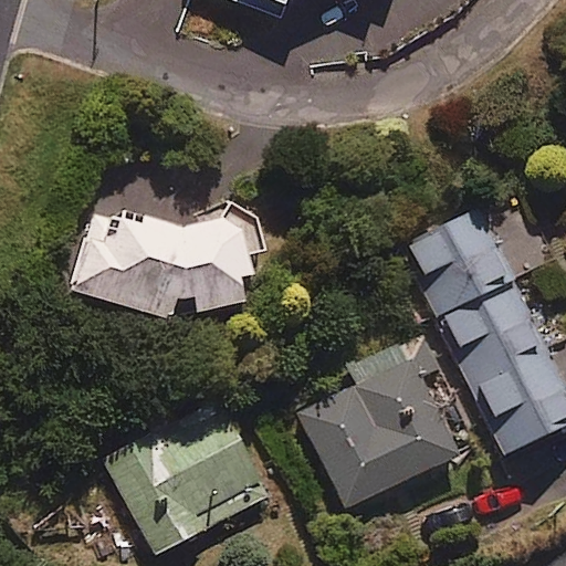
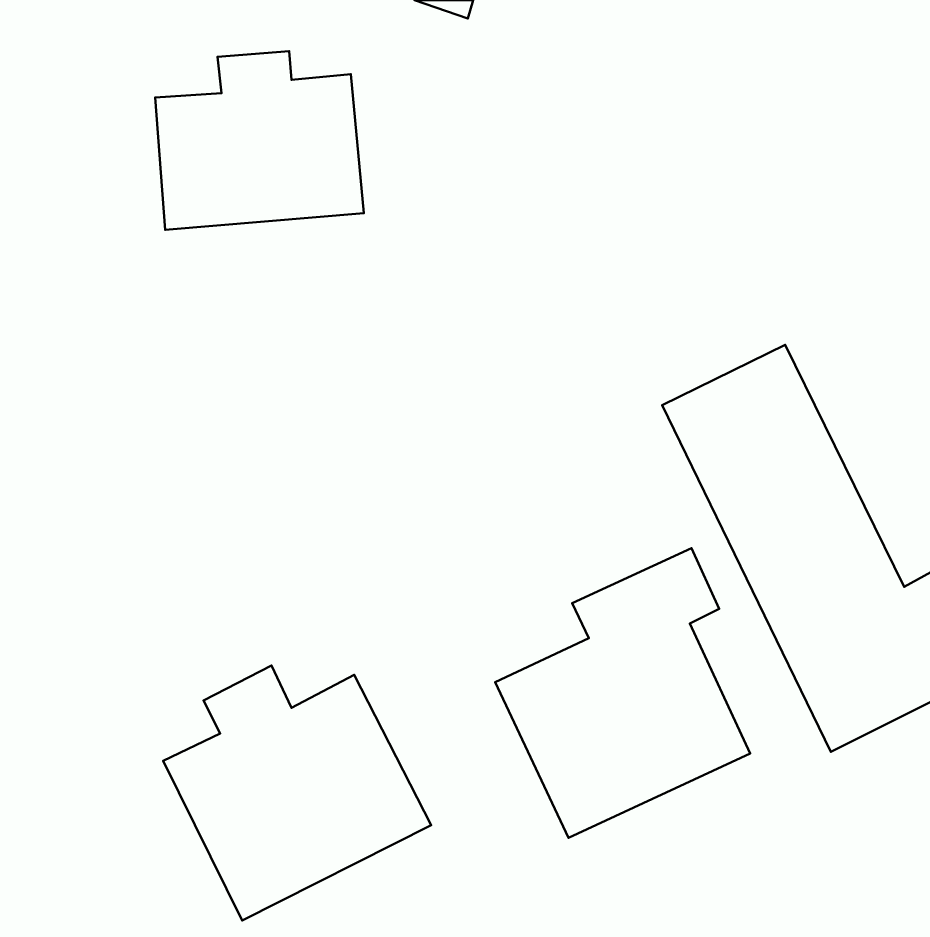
building: none -> [155,51,364,230]
building: [70,202,261,323] -> none

